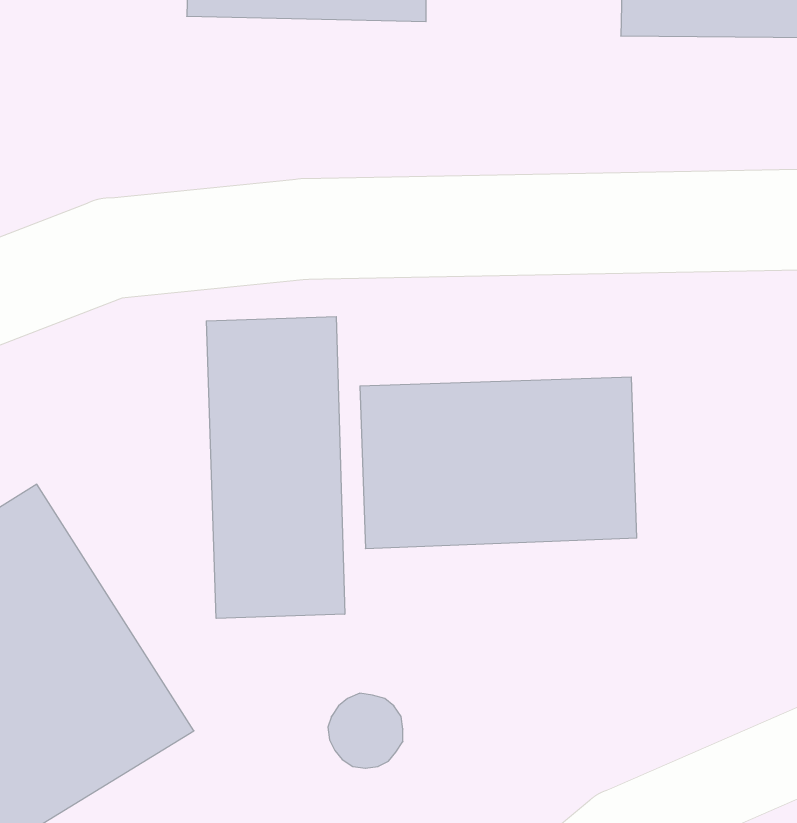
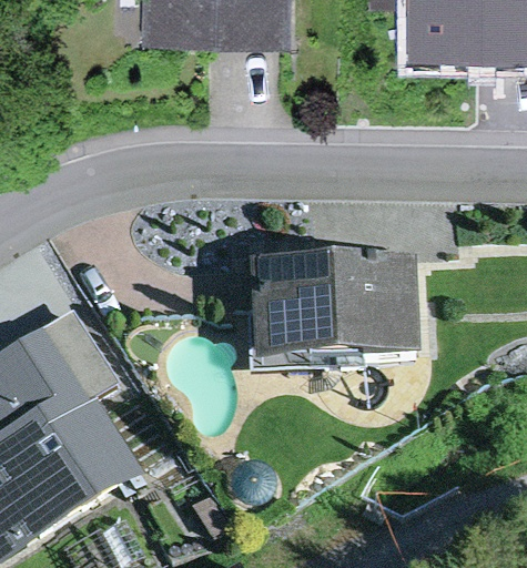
building: [206,317,345,618] -> none

